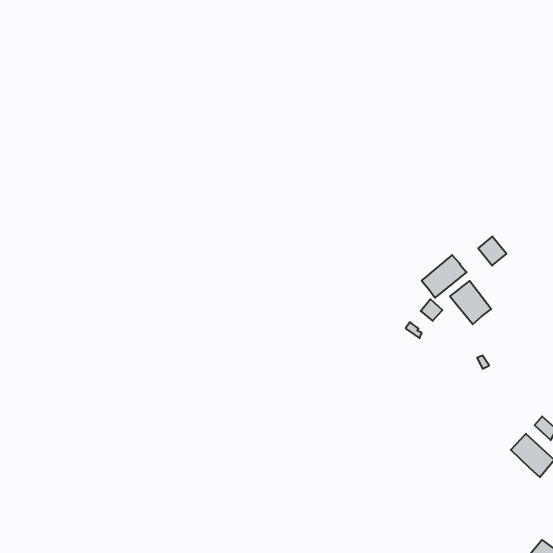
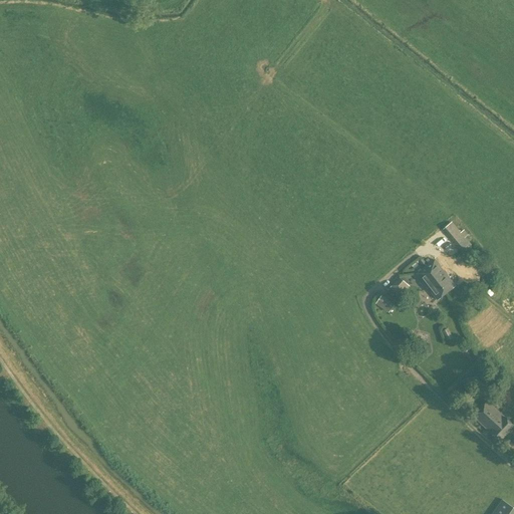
building: [422,255,467,298] -> none

